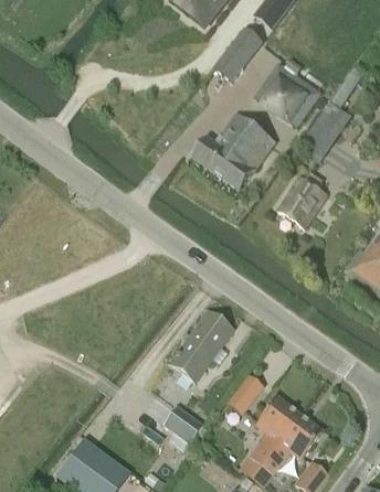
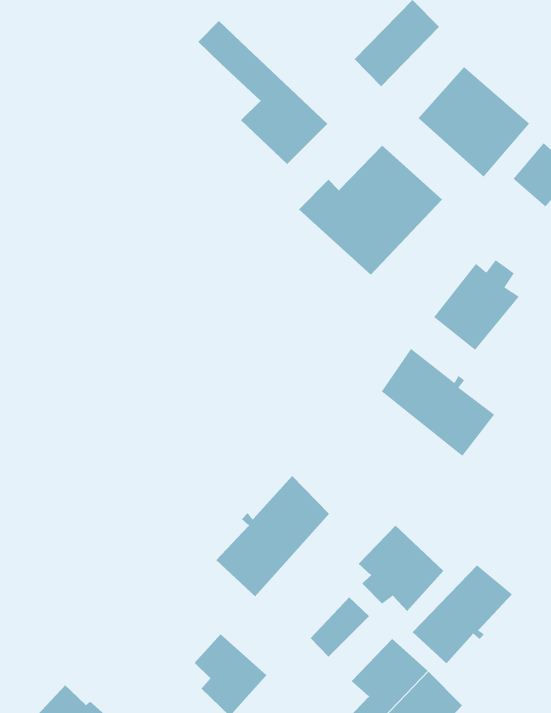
building: none -> [198,20,328,165]
building: none -> [381,348,495,457]
building: none -> [358,525,444,612]
building: none -> [412,564,513,664]

